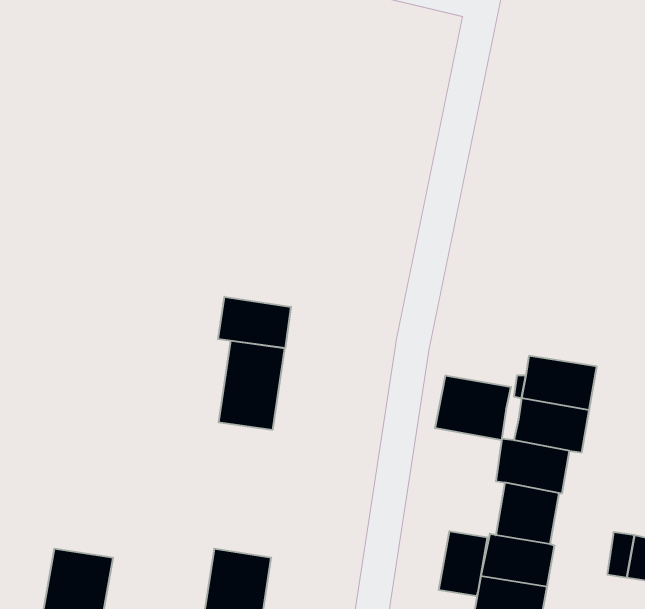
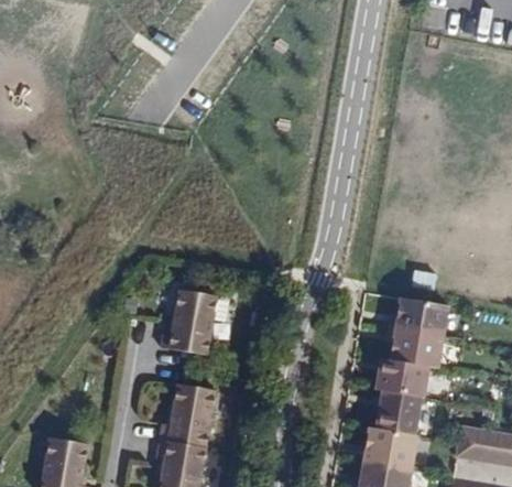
building: [218,297,291,348] -> none
building: [435,375,511,440] -> none
building: none -> [167,385,219,446]
building: [439,531,487,596] -> none

